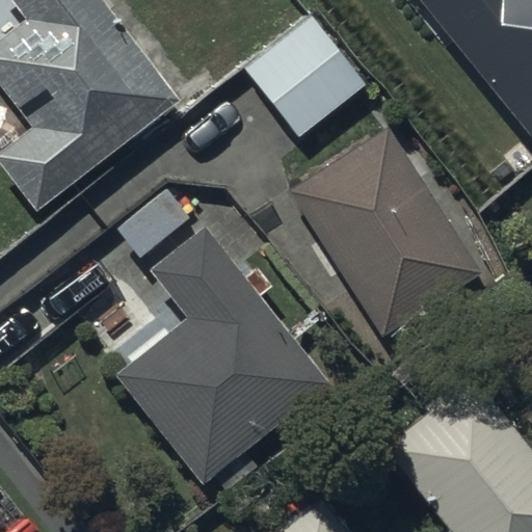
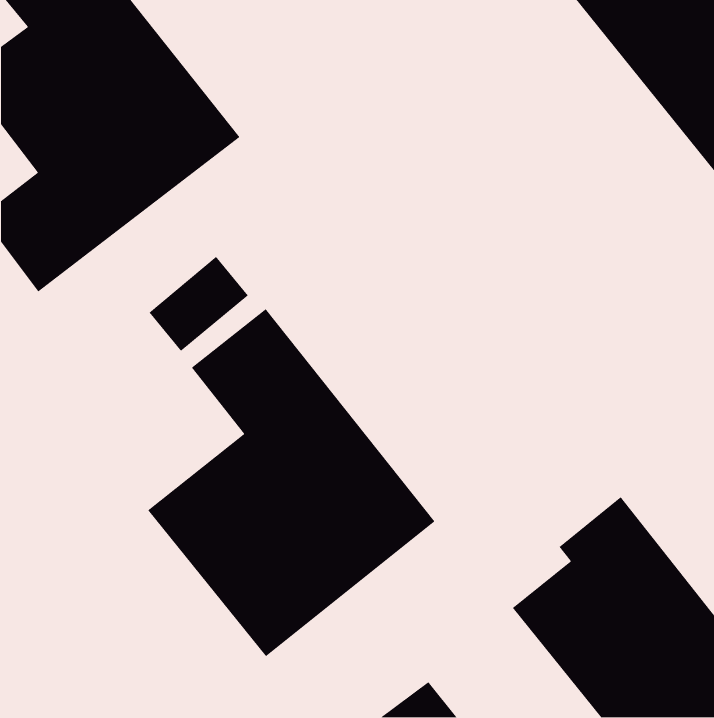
building: [244,16,367,137] -> none
building: [287,125,482,336] -> none

